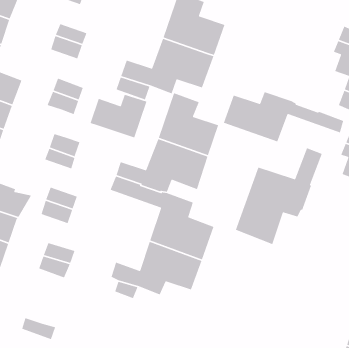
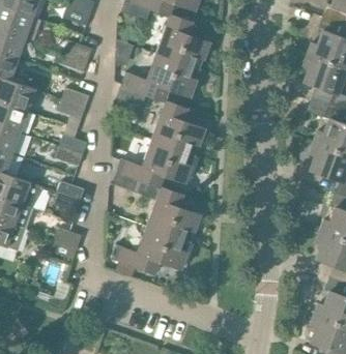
building: [223,91,344,142] -> none
building: [90,94,148,139] -> none
building: [235,147,323,245] -> none

